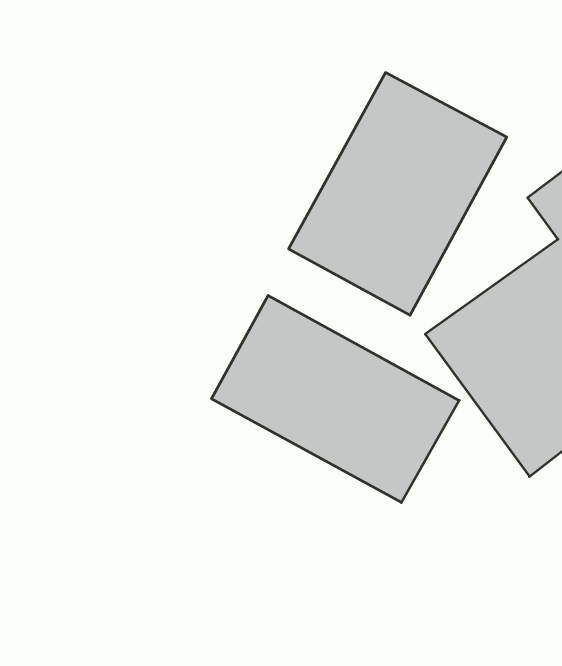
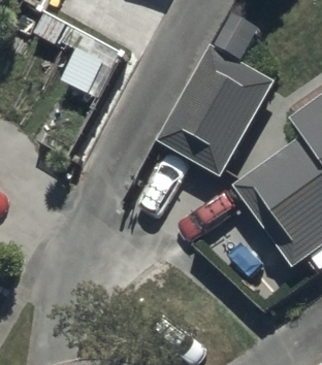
building: [212,295,459,503] -> none

